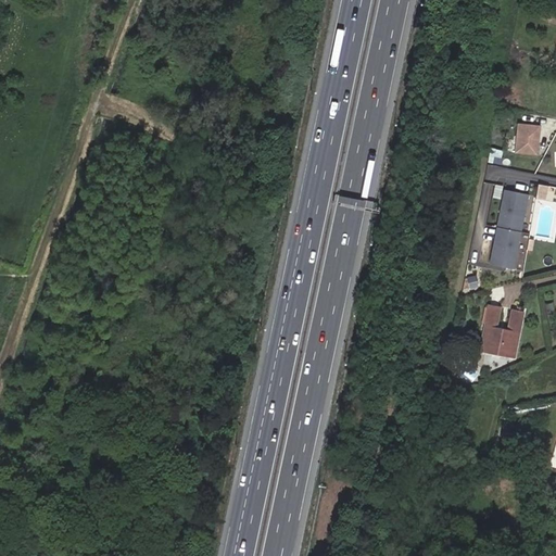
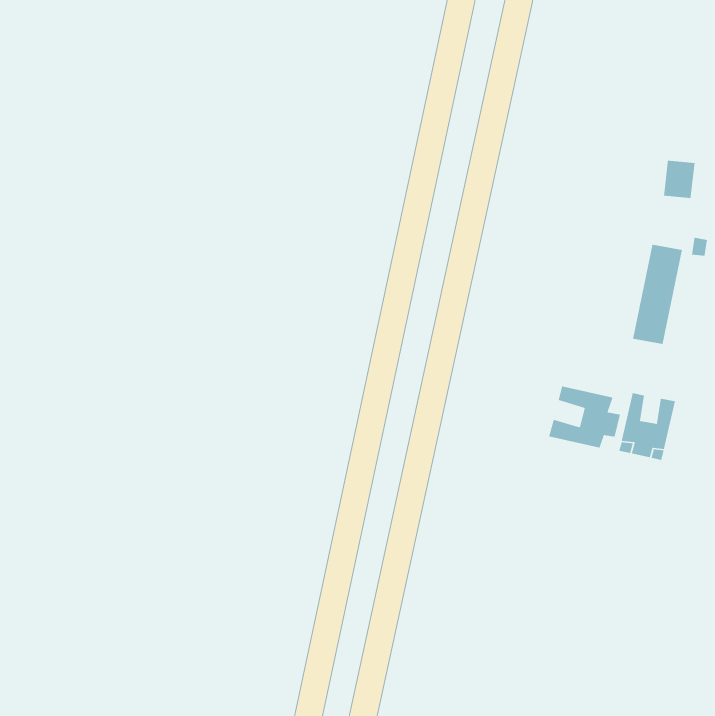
building: none -> [548,386,621,449]

